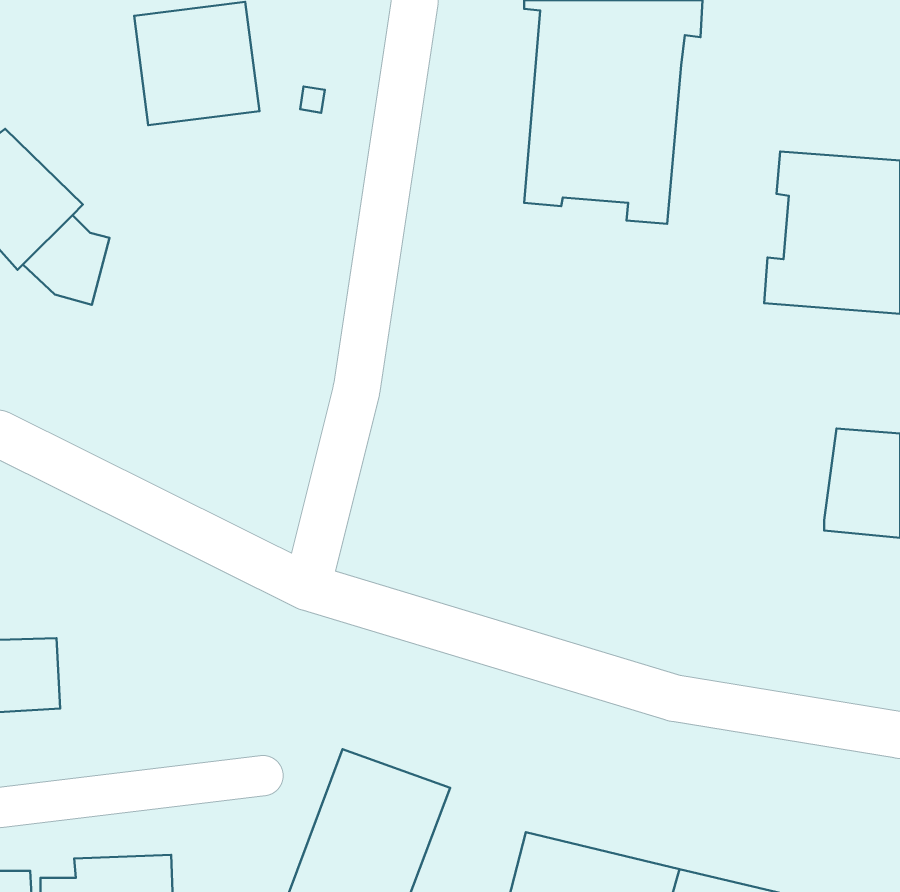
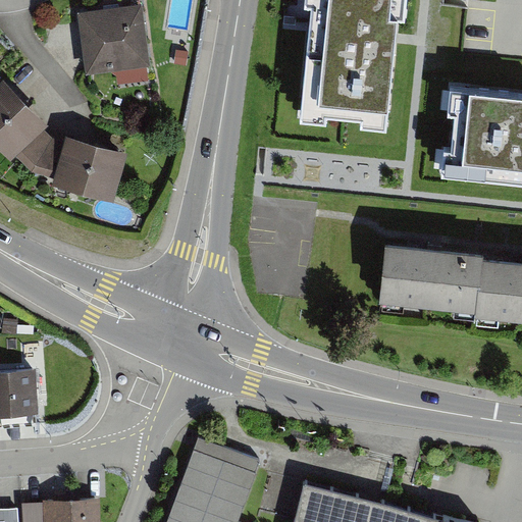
building: none -> [51,135,127,203]
building: none -> [380,238,483,306]

